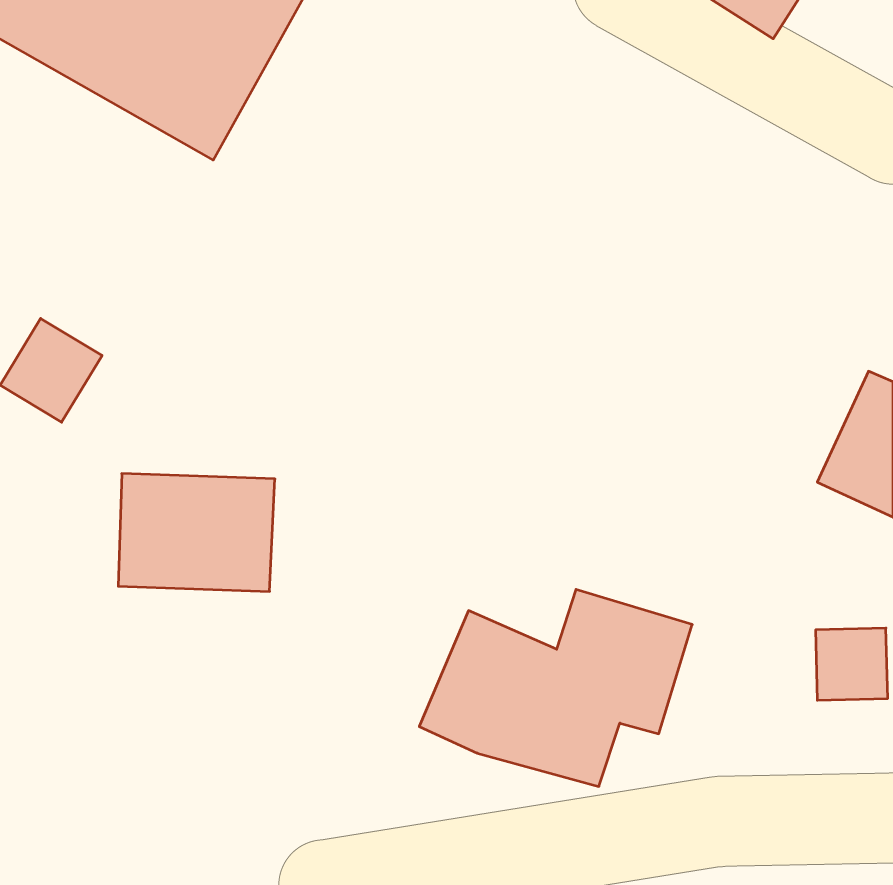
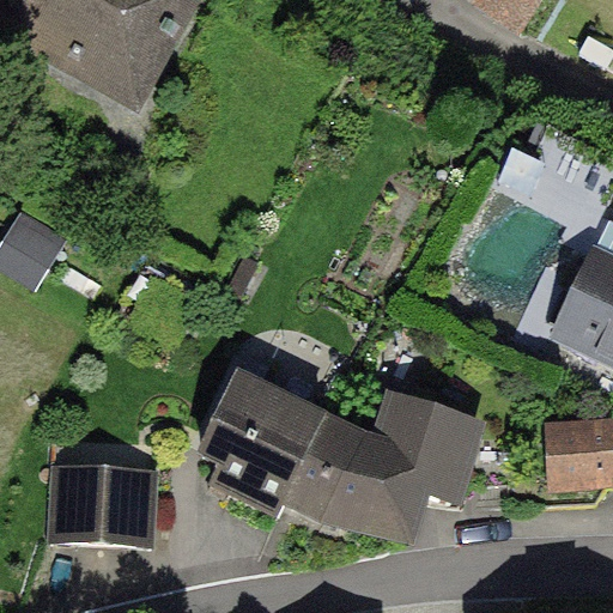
building: [118,474,275,591] -> [45,461,152,541]
building: none -> [200,354,318,511]

